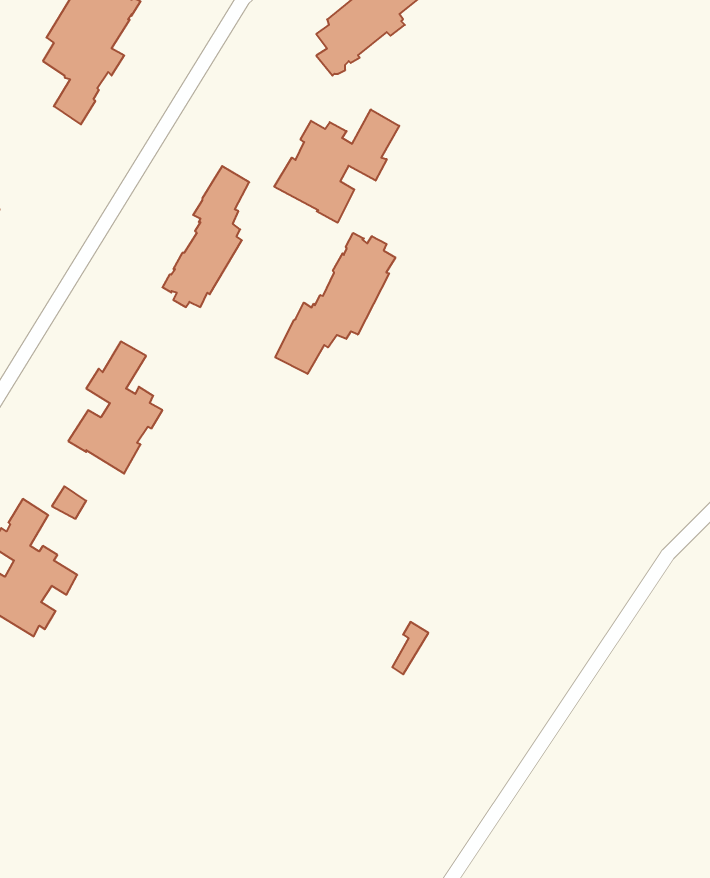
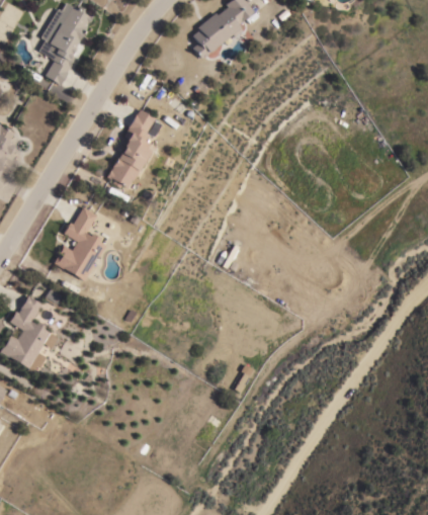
building: [274,109,399,223] -> none
building: [275,233,395,374] -> none

